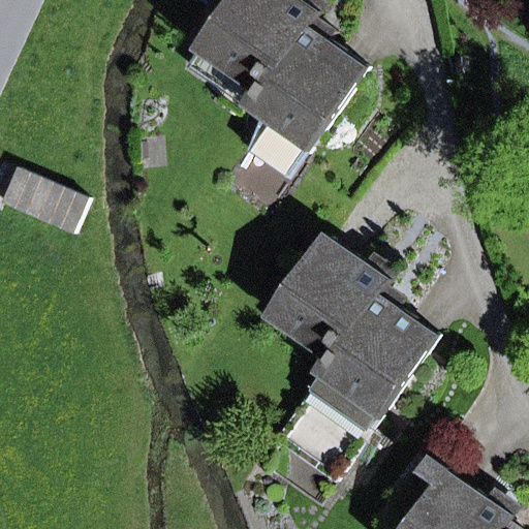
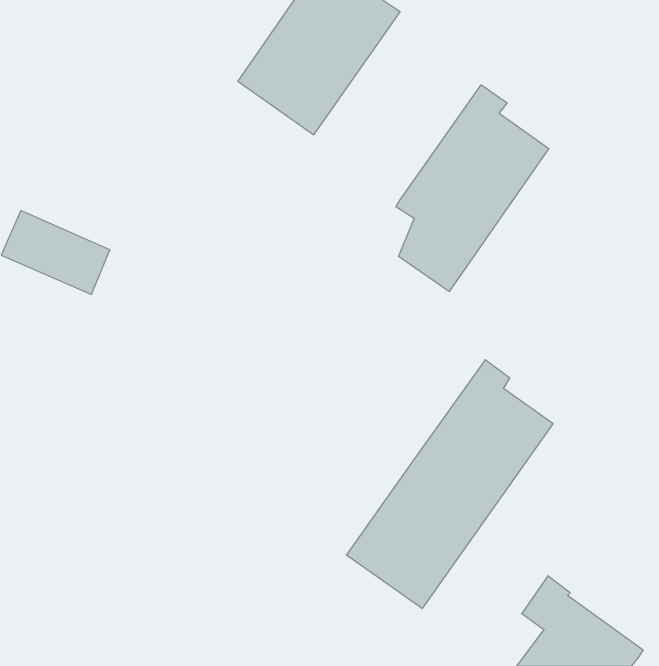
building: [245,15,366,179] -> [396,85,549,292]
building: [267,236,387,364] -> none

